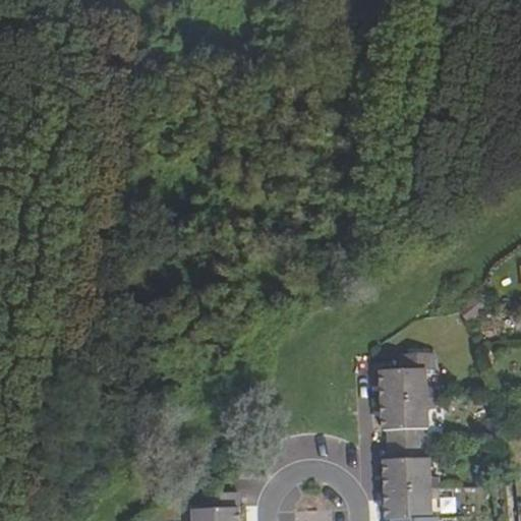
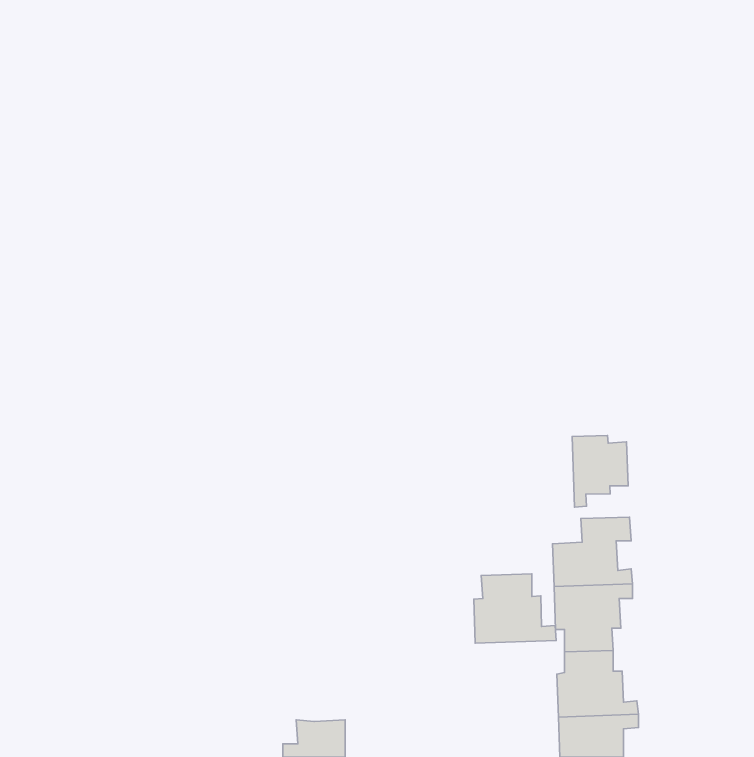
building: none -> [572,435,628,507]
building: none -> [474,574,556,643]

